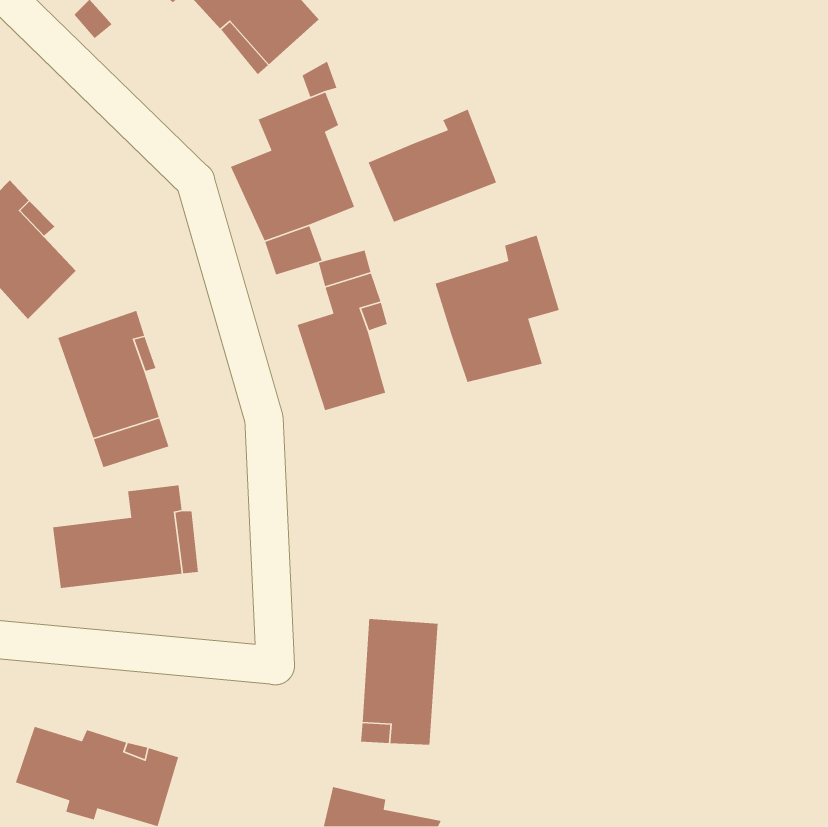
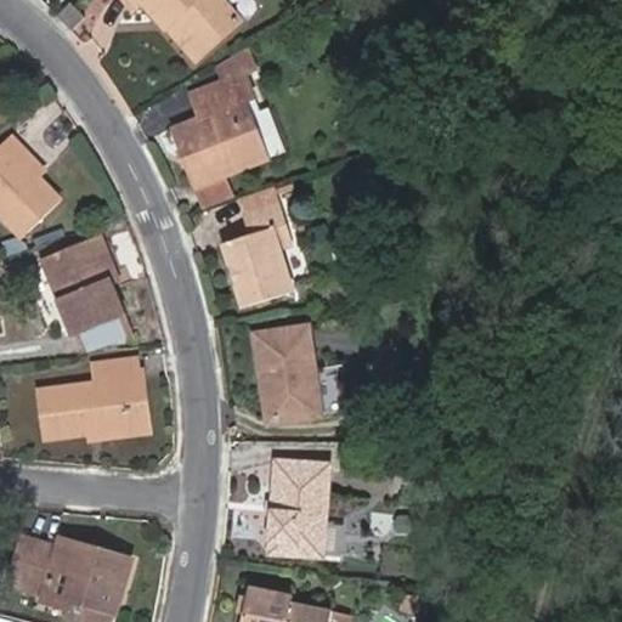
building: [367,109,497,223] -> none
building: [435,235,560,383] -> none
building: none -> [255,327,318,419]

